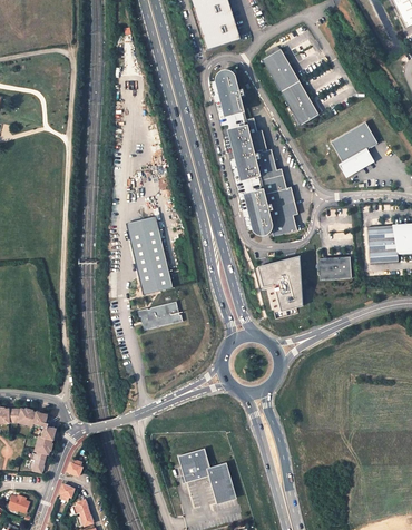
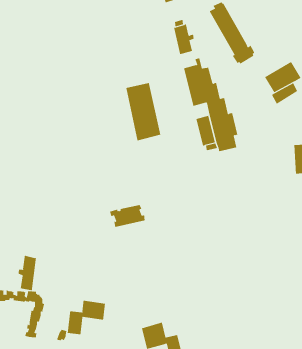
building: [128,222,173,295] -> [125,82,161,141]
building: [318,256,352,279] -> none
building: [262,257,303,312] -> none
building: none -> [18,255,37,291]
building: none -> [67,300,106,335]

